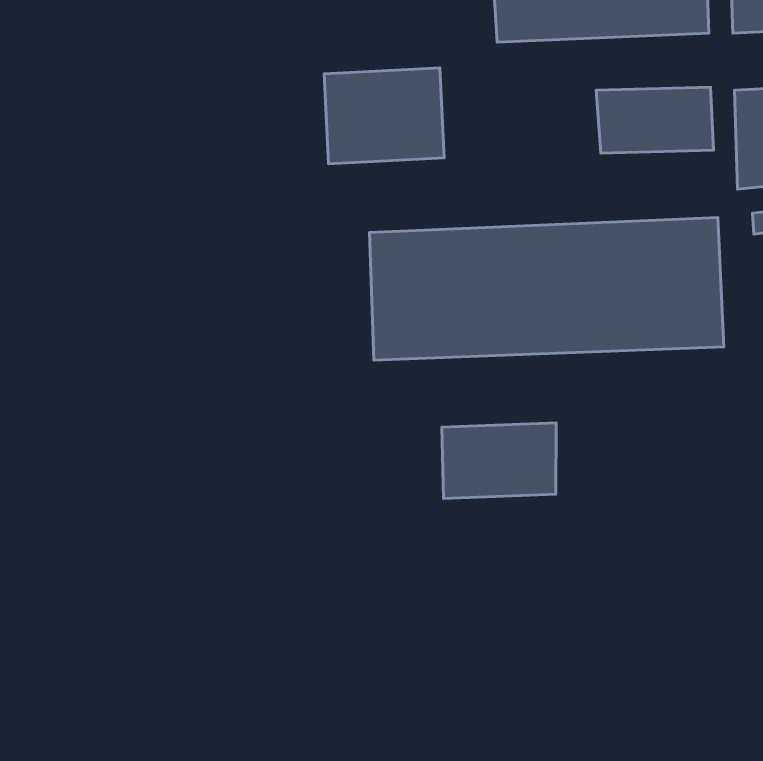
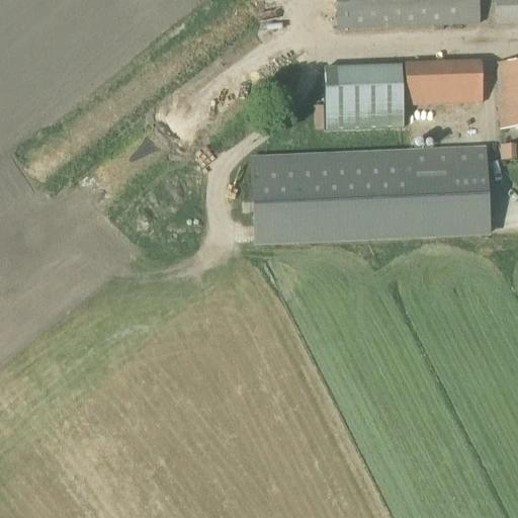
building: [324,68,444,164] -> [324,61,405,125]
building: [442,423,556,499] -> none

